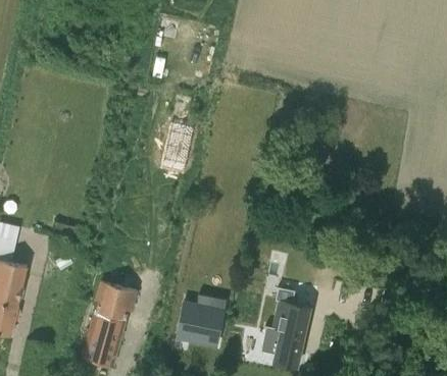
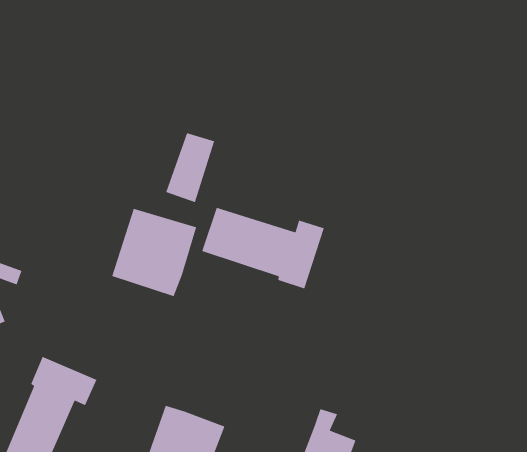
building: none -> [201,207,325,290]
building: none -> [111,208,197,297]

